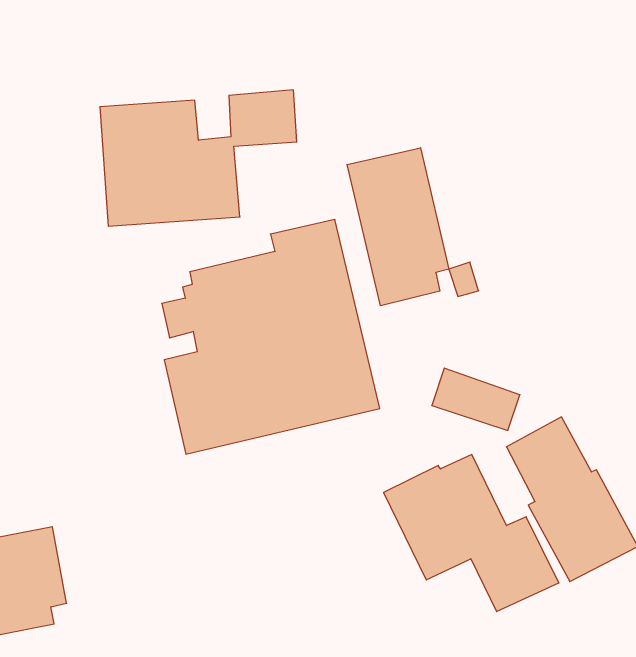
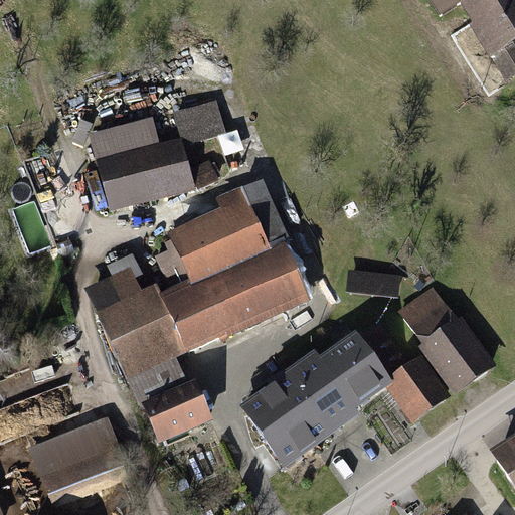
building: [347,148,449,306] -> none
building: none -> [87,254,214,446]
building: none -> [234,347,362,467]

